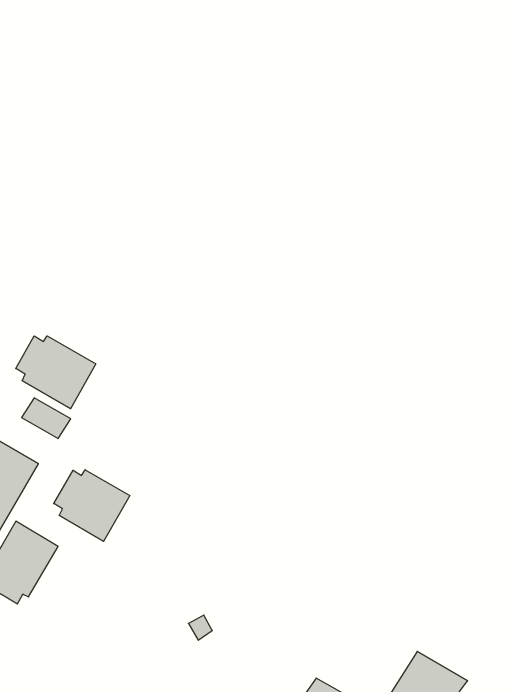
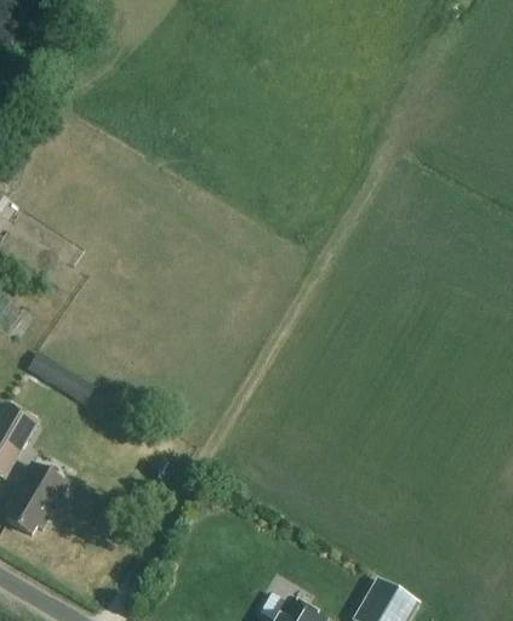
building: [16,336,96,409] -> none
building: [54,470,130,541] -> none

